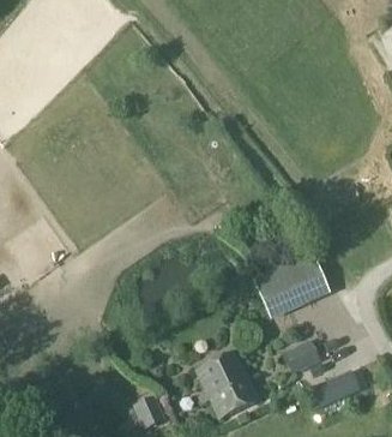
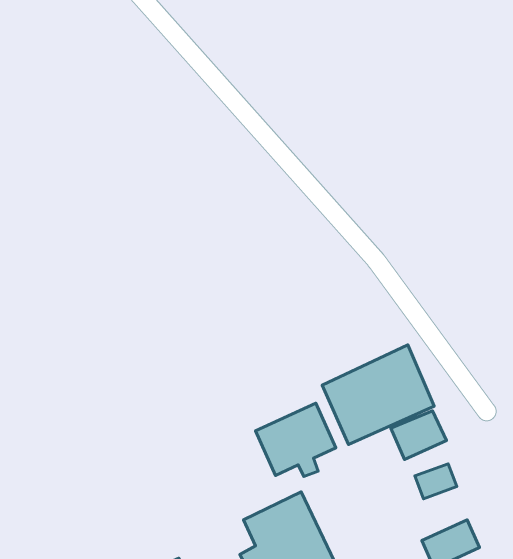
building: none -> [256,403,336,477]
building: [283,339,321,372] -> [391,411,447,460]

